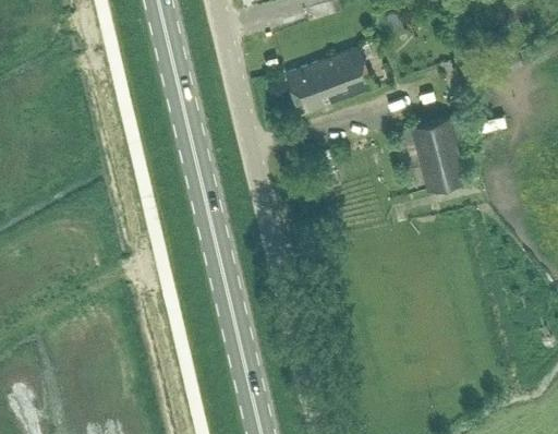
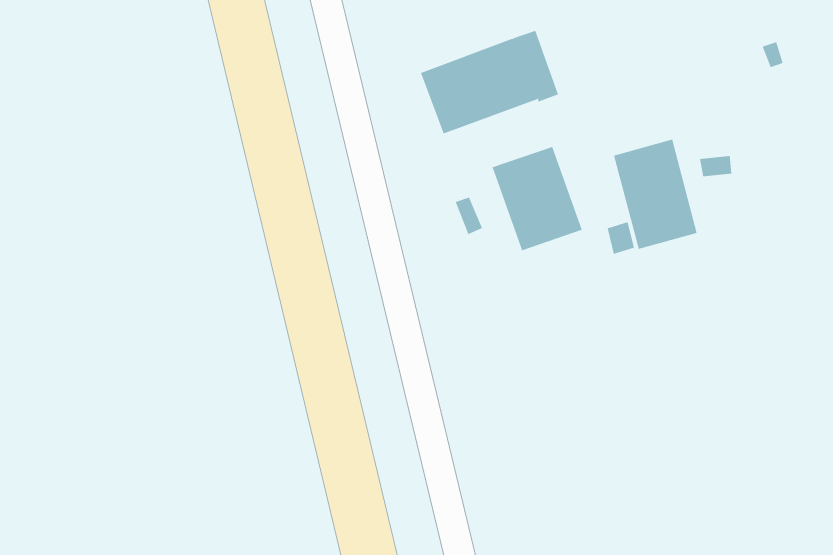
building: none -> [492,146,583,251]

